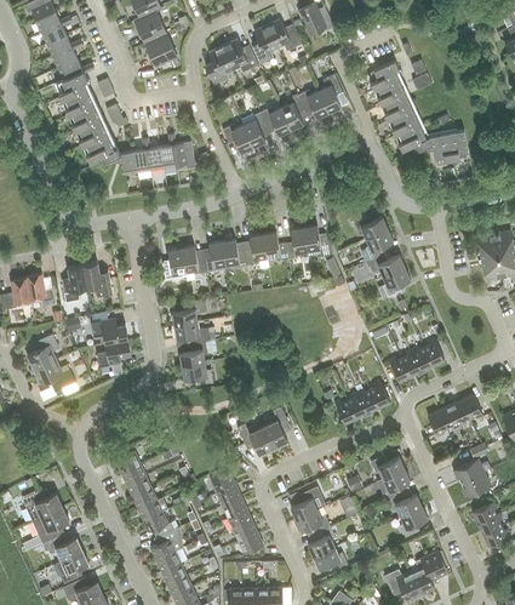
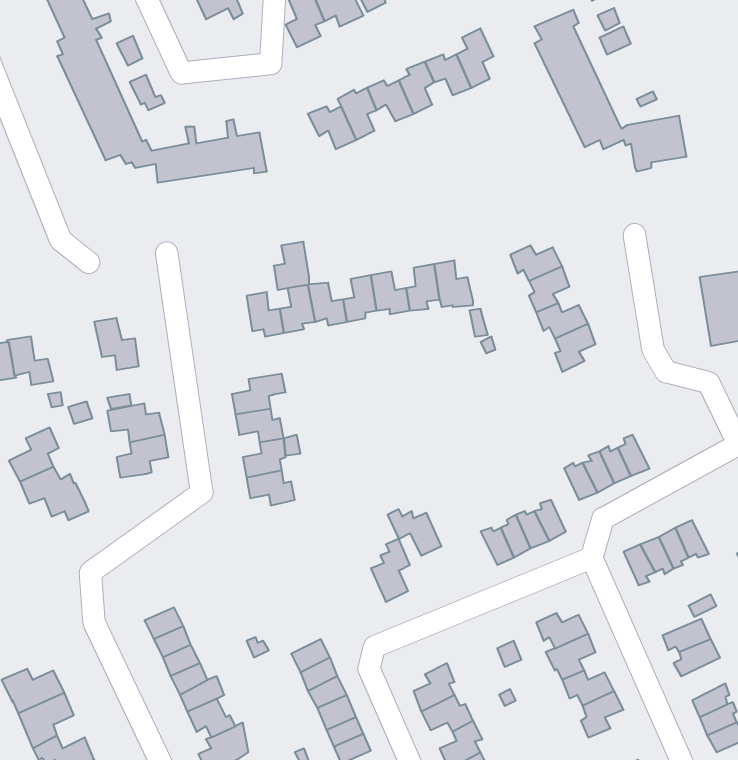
building: [162,247,185,279] -> [274,242,309,290]
building: [61,264,87,302] -> none
building: [238,423,273,453] -> [388,509,442,556]

